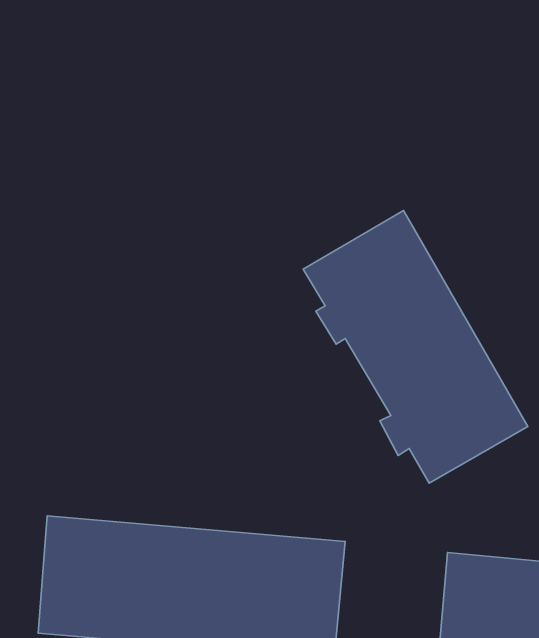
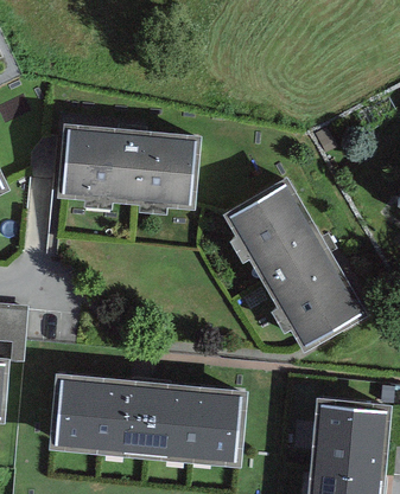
building: none -> [56,122,201,214]

